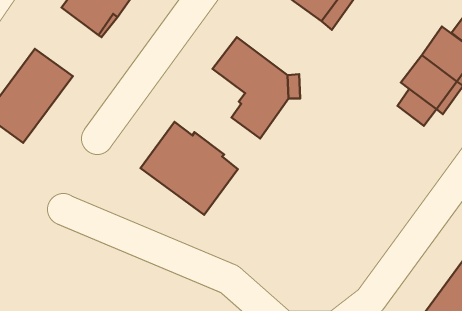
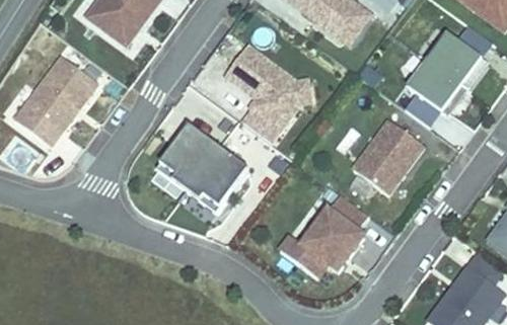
building: none -> [355,121,426,196]
building: none -> [282,195,371,278]

